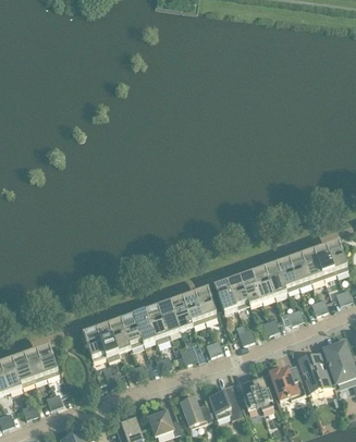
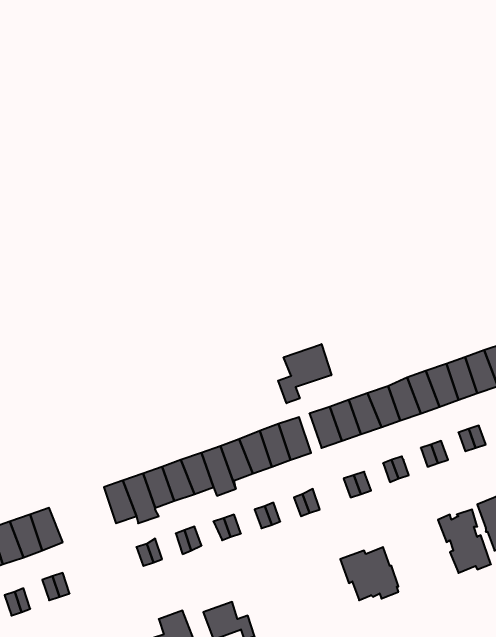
building: none -> [278,344,331,403]
building: [269,363,305,397] -> none
building: [208,381,243,417] -> none
building: [180,393,212,423] -> none

